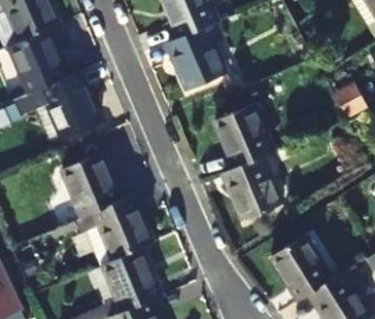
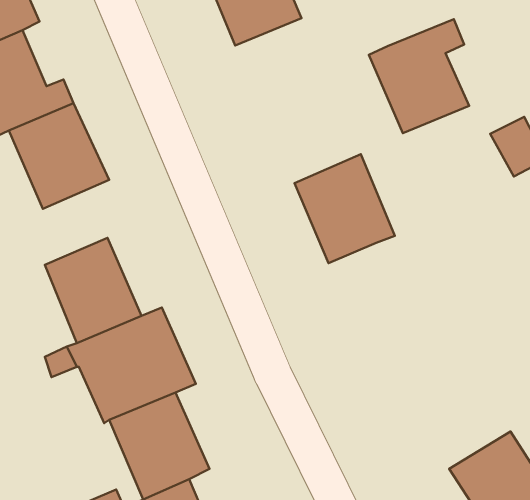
building: [165,23,226,92] -> [369,19,469,133]
building: [220,158,281,222] -> none
building: [269,236,333,302] -> none

